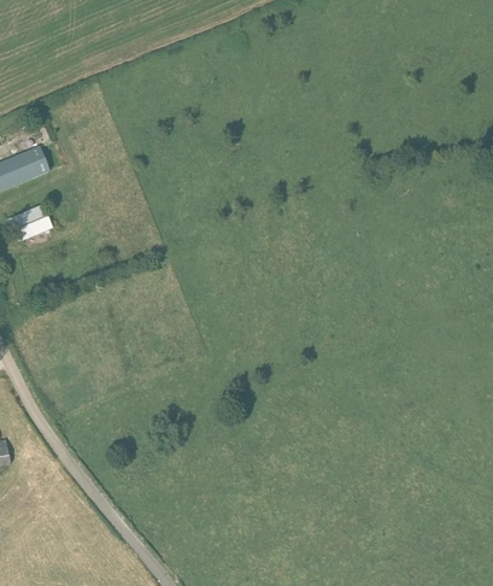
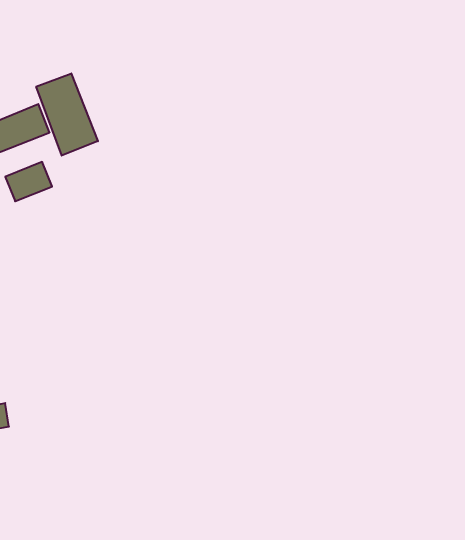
building: none -> [36,73,98,156]

